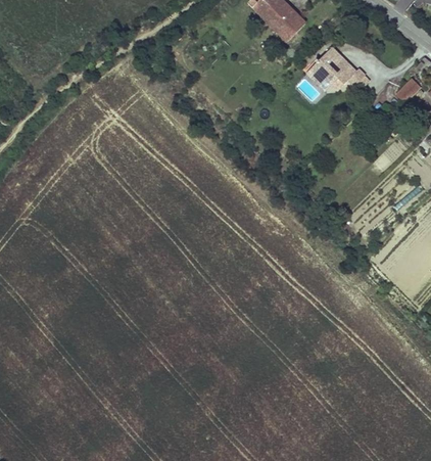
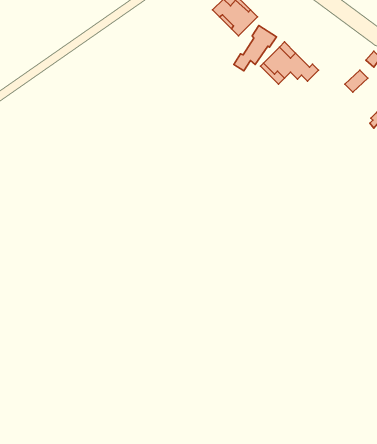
building: none -> [234,25,276,71]

